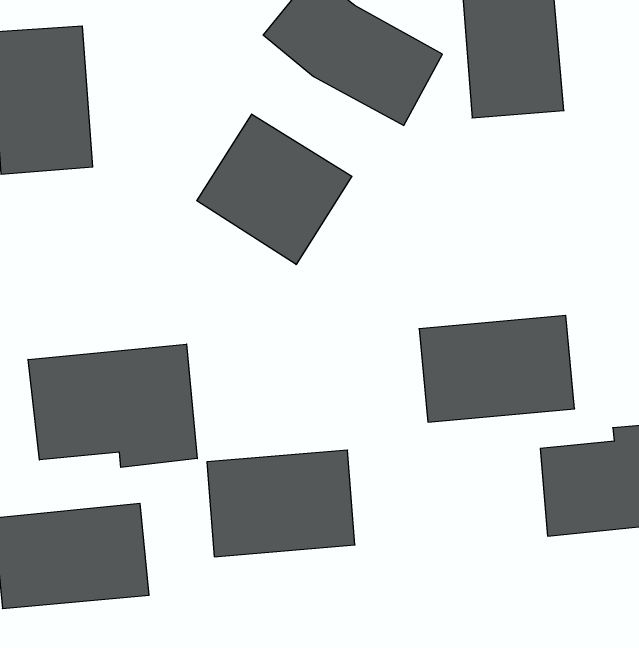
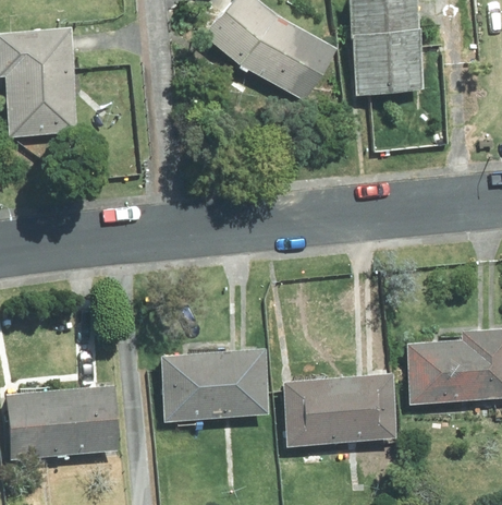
building: [197,114,352,265] -> none
building: [419,315,575,422] -> [282,369,396,447]
building: [28,344,197,467] -> none

